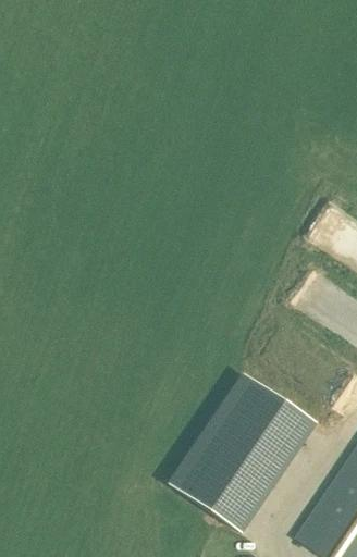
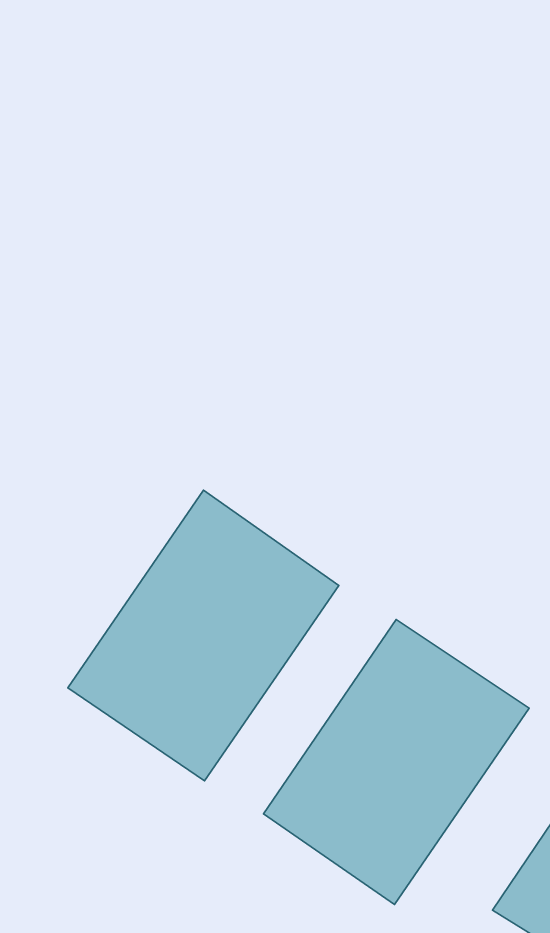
building: none -> [68,490,339,781]

